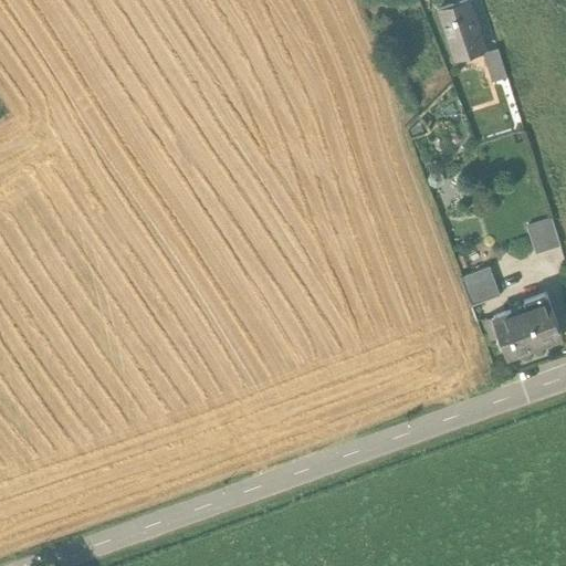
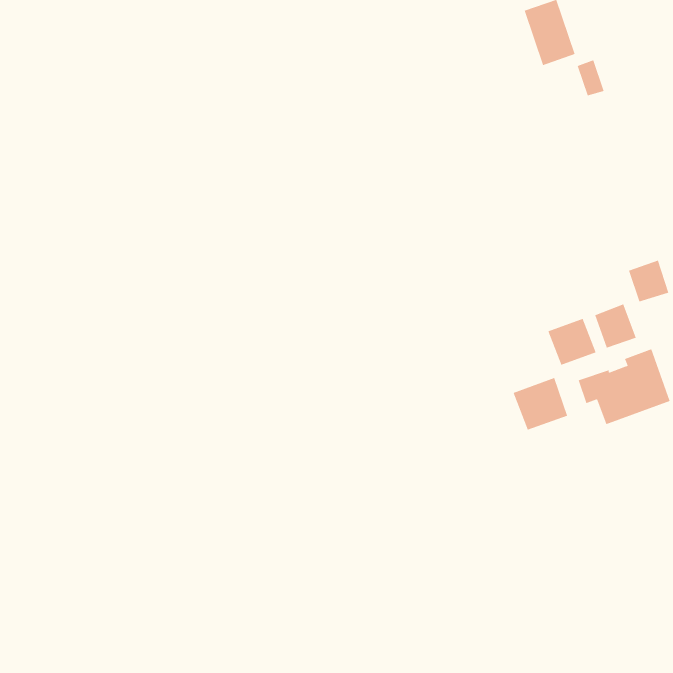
building: none -> [595,303,636,348]
building: none -> [513,377,568,431]

